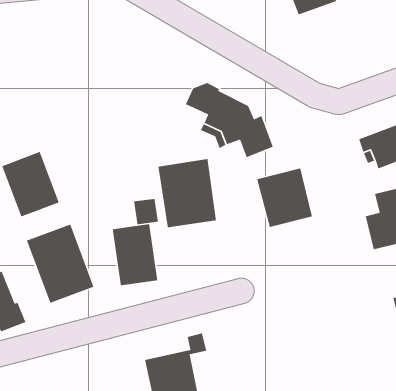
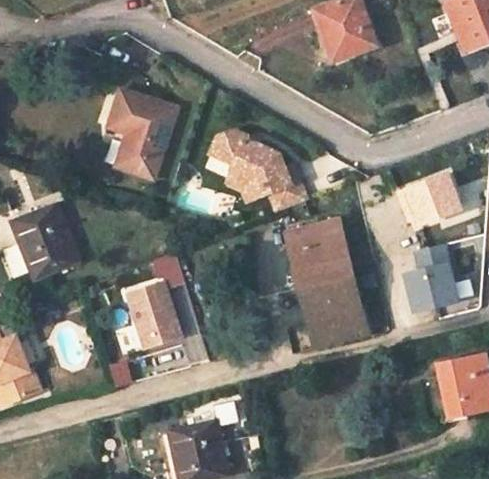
building: none -> [107,88,176,176]
building: [157,158,217,228] -> none
building: none -> [302,276,363,341]
building: [26,224,95,304] -> none

